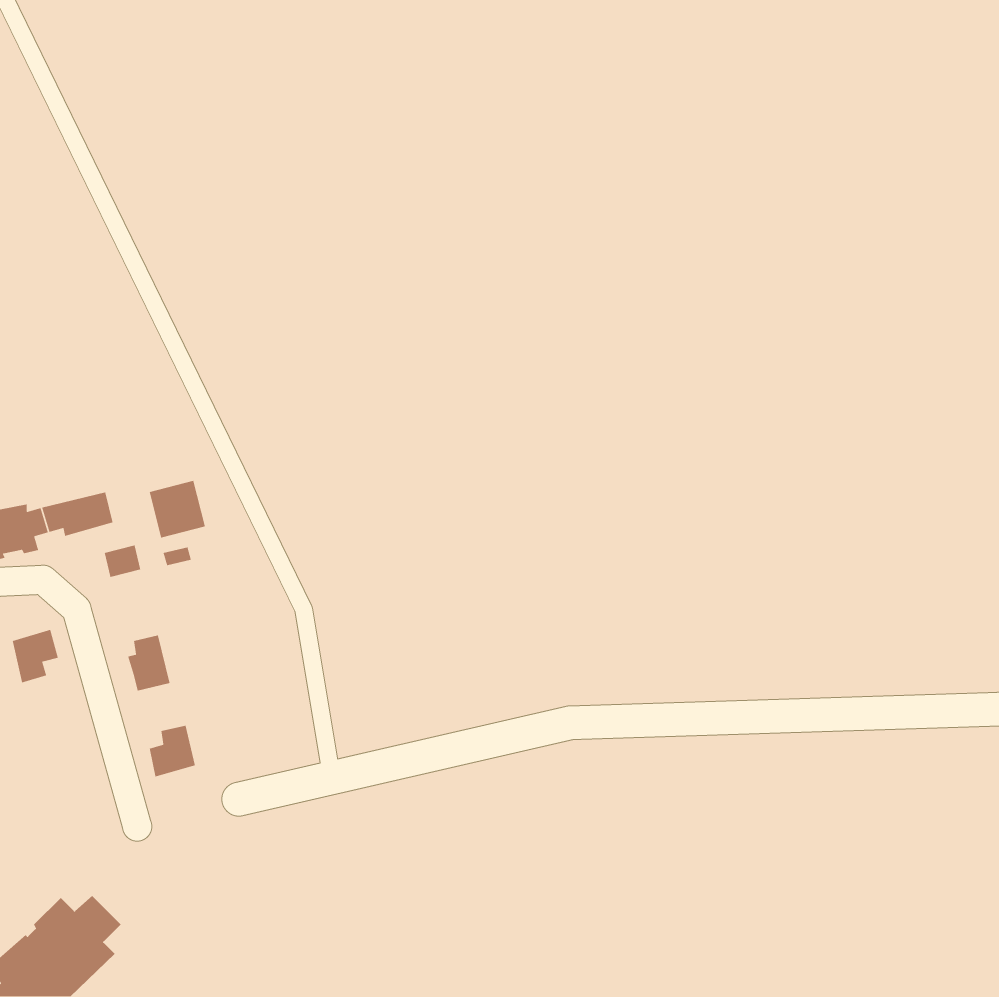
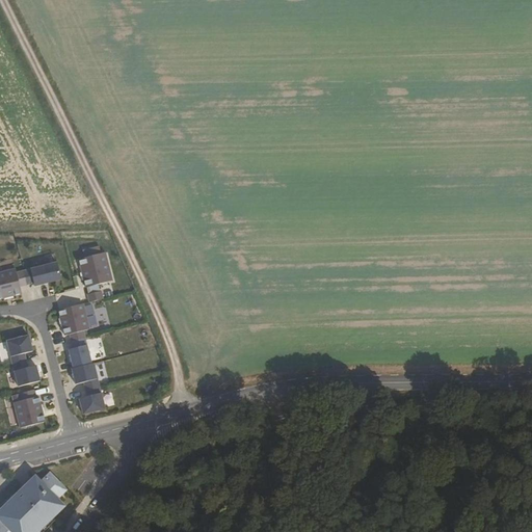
building: none -> [58,302,89,340]
building: none -> [11,358,38,384]
building: none -> [71,362,99,388]
building: none -> [14,389,45,426]

